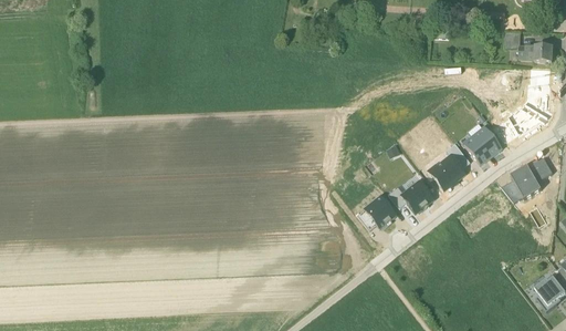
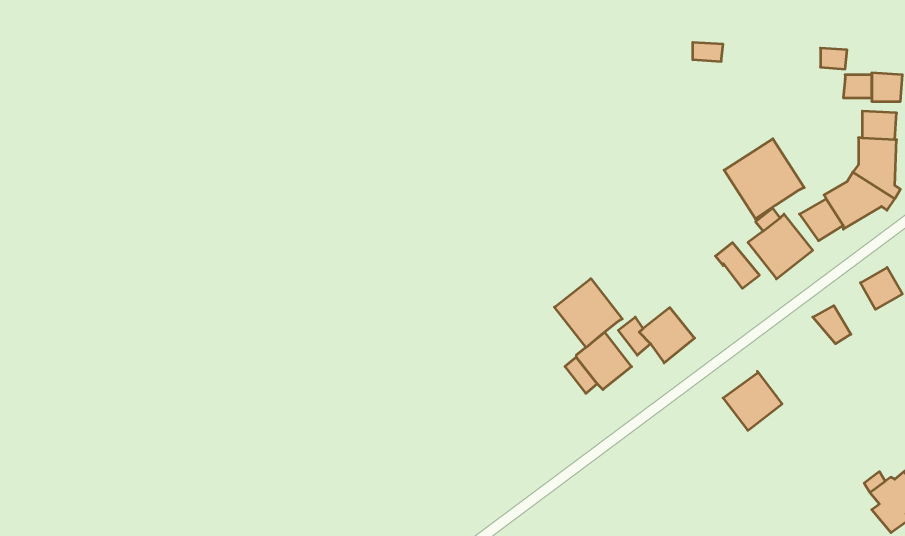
building: none -> [724,139,804,219]
building: [429,155,463,189] -> [723,371,782,430]
building: none -> [554,279,622,347]
building: [510,164,542,198] -> none

